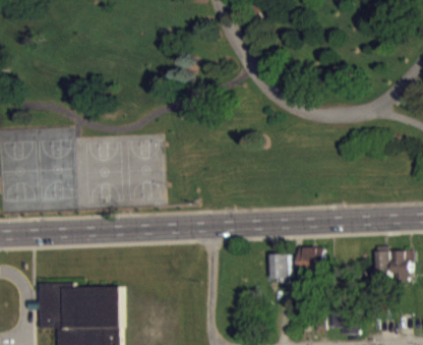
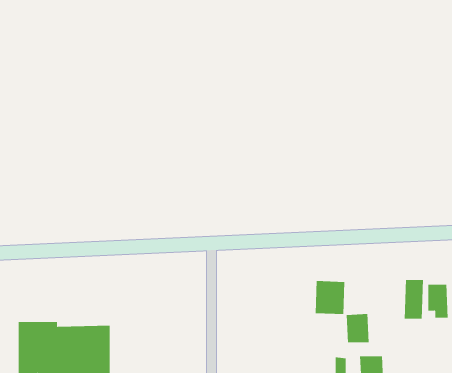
building: [268,257,289,283] -> [346,314,369,343]

